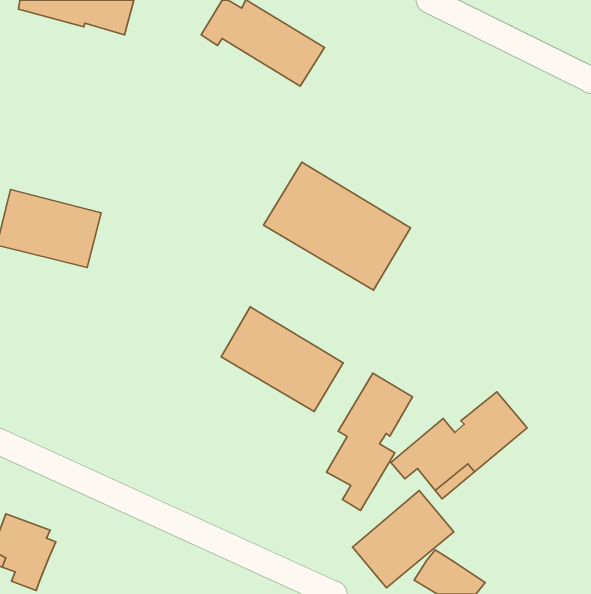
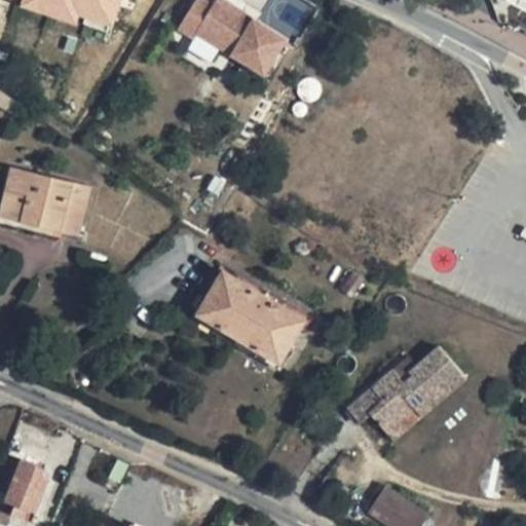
building: [263,162,411,290] -> none
building: [327,373,412,510] -> none
building: [352,490,454,588] -> none

